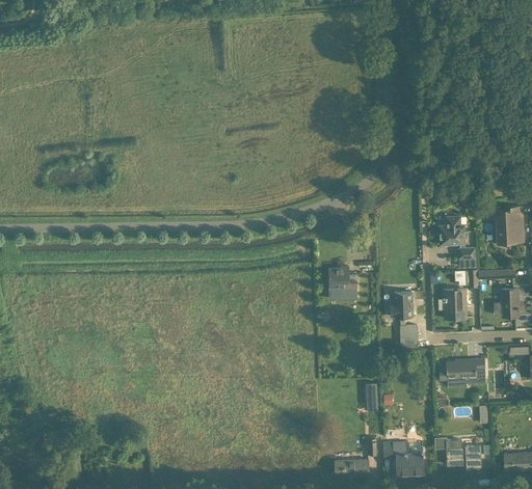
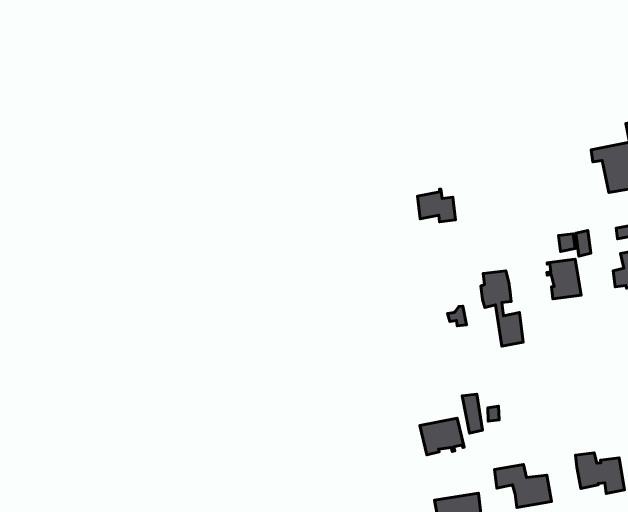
building: [438,216,475,257] -> none
building: [328,266,355,291] -> [417,189,456,222]
building: [438,358,484,386] -> none
building: none -> [420,418,464,455]

